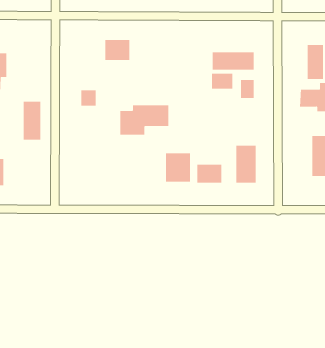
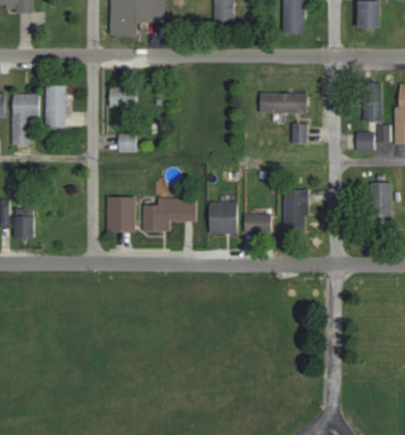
building: [104,40,130,60] -> [108,86,136,109]
building: [212,73,233,89] -> none
building: [23,101,41,140] -> [45,85,65,128]
building: [120,105,169,135] -> [142,198,196,231]
building: none -> [106,196,134,232]

